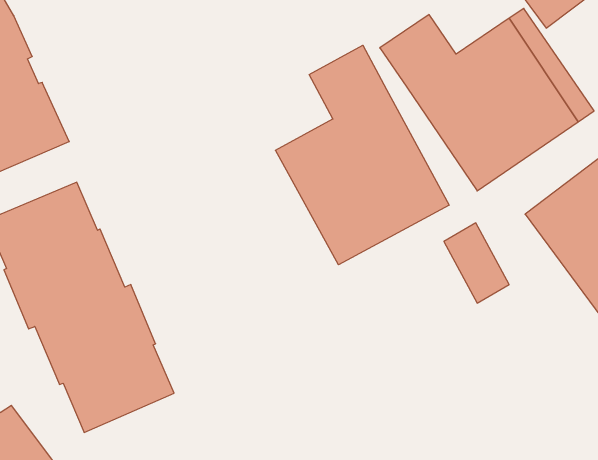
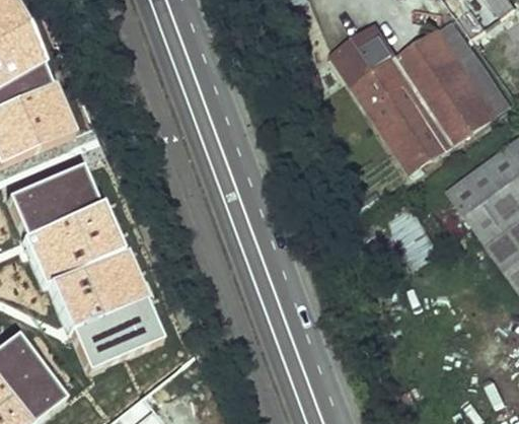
building: [275,45,449,265] -> none

